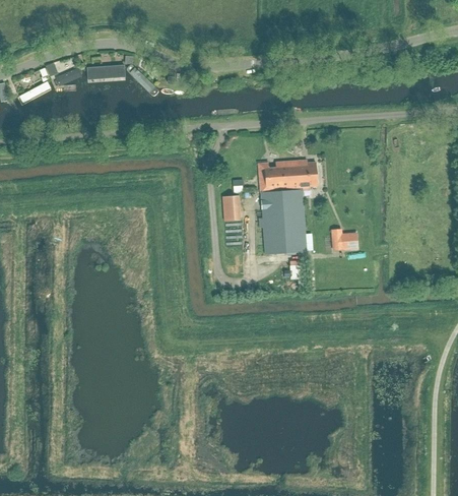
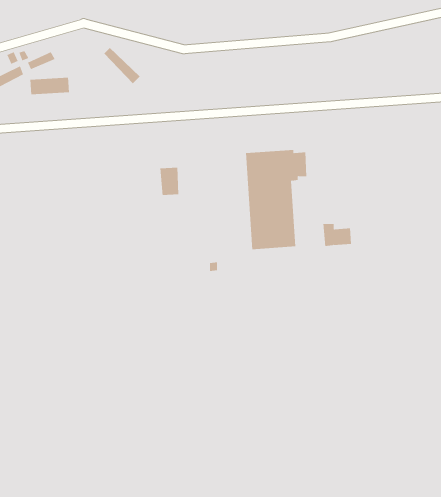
building: [87,65,125,81] -> [30,77,70,95]
building: [221,194,240,221] -> [160,167,179,195]

